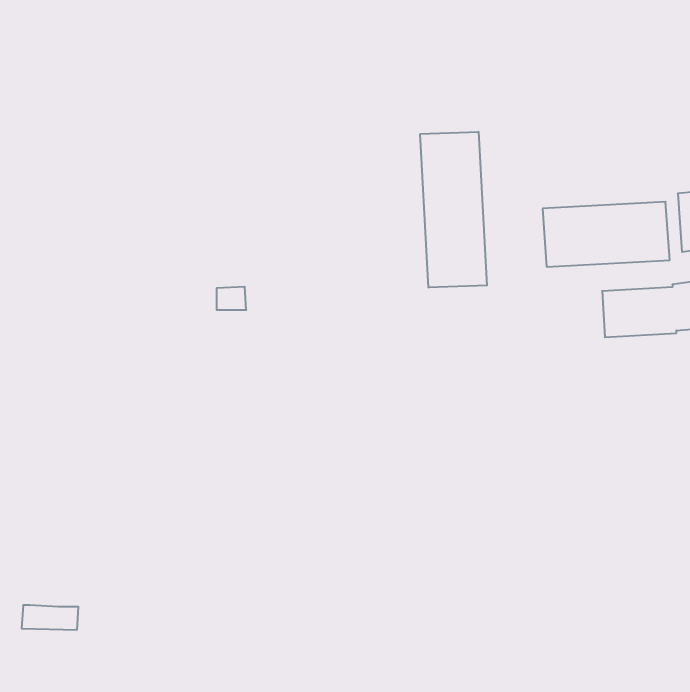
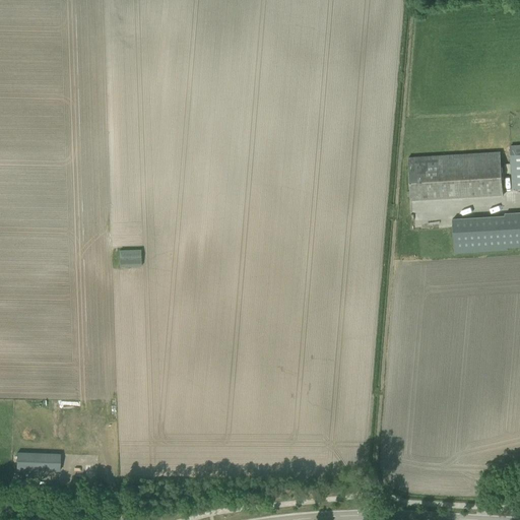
building: [420,132,487,288] -> none
building: [217,287,246,310] -> [120,249,142,266]

